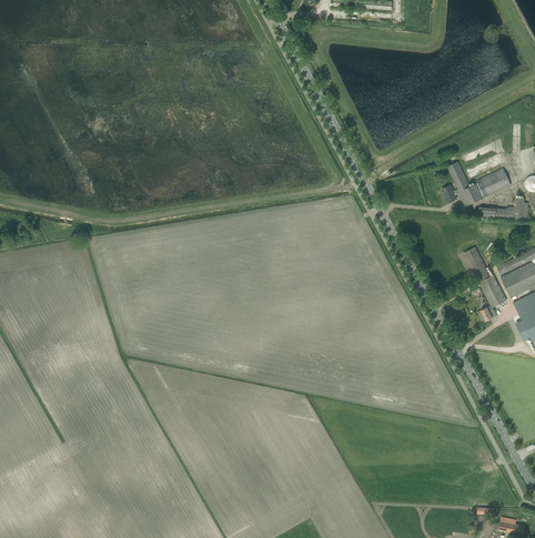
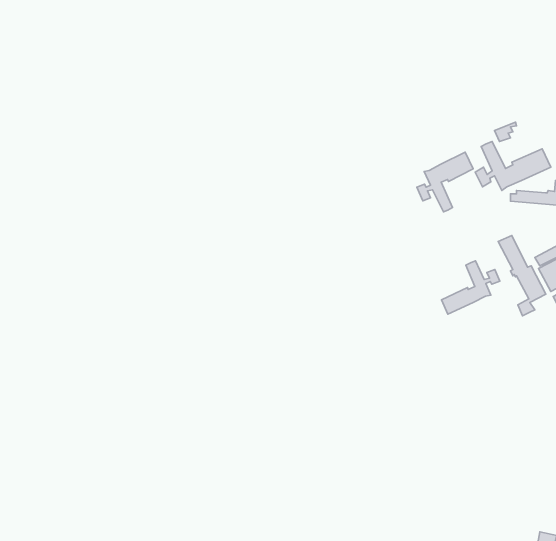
building: none -> [417,152,473,212]
building: none -> [441,261,500,314]

